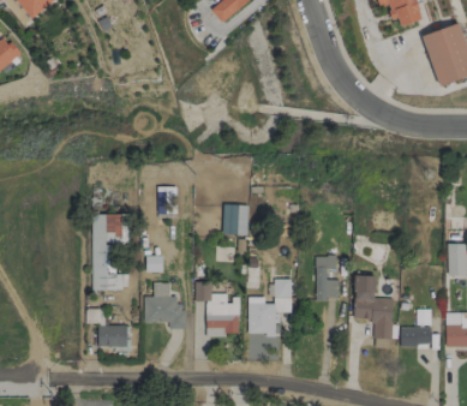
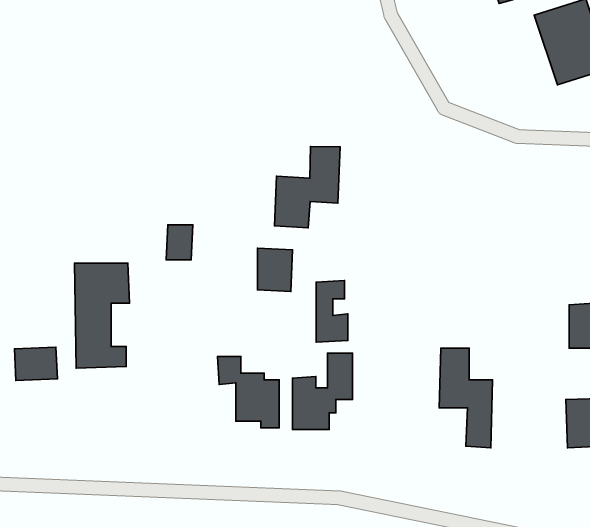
building: none -> [275,146,340,228]
building: [316,255,339,299] -> [316,281,348,342]
building: [144,282,186,329] -> none
building: [98,324,130,348] -> [14,347,58,381]
building: [400,326,431,347] -> none

